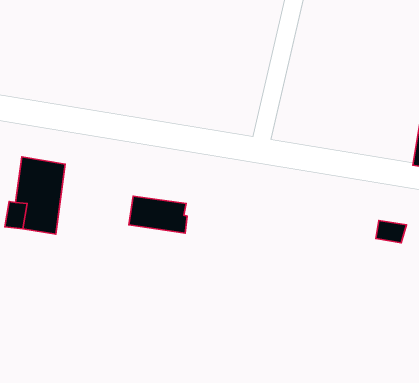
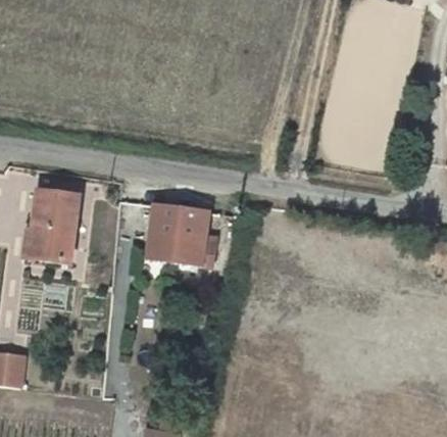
building: none -> [157,205,211,237]

